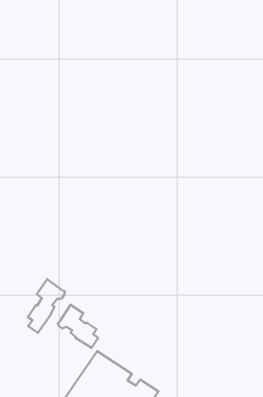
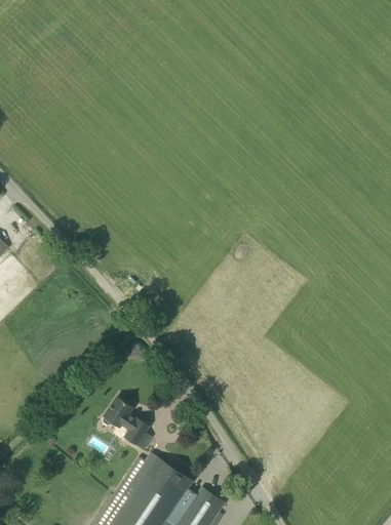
building: [28,279,65,333] -> none

